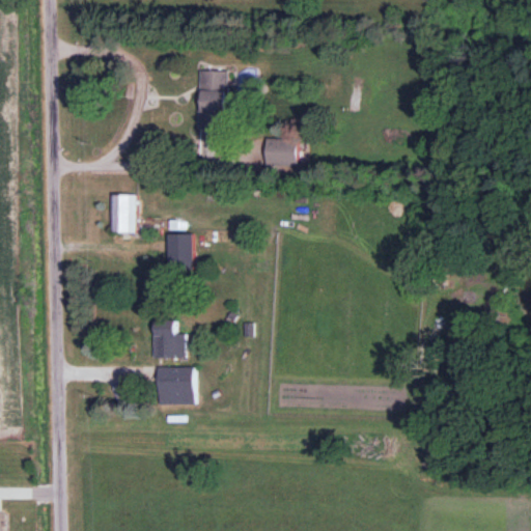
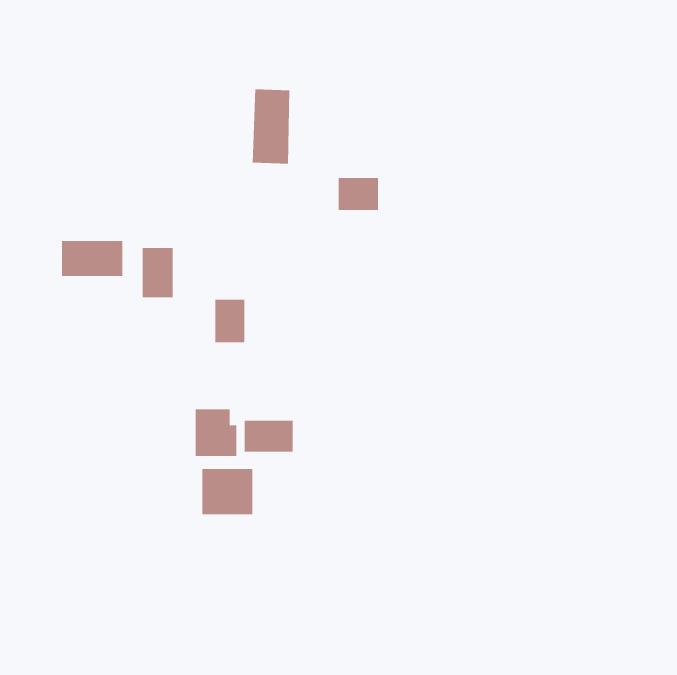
building: none -> [61,240,123,277]
building: none -> [244,420,293,452]

